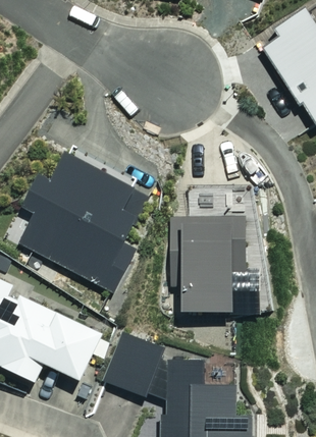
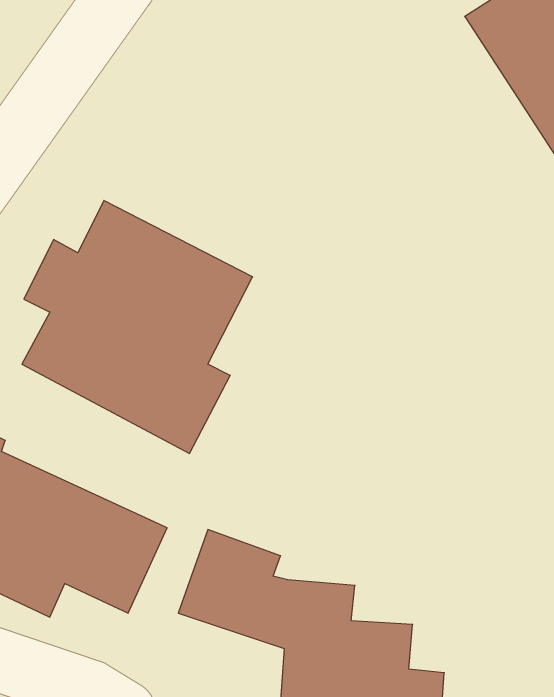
building: [168,216,244,311] -> none

